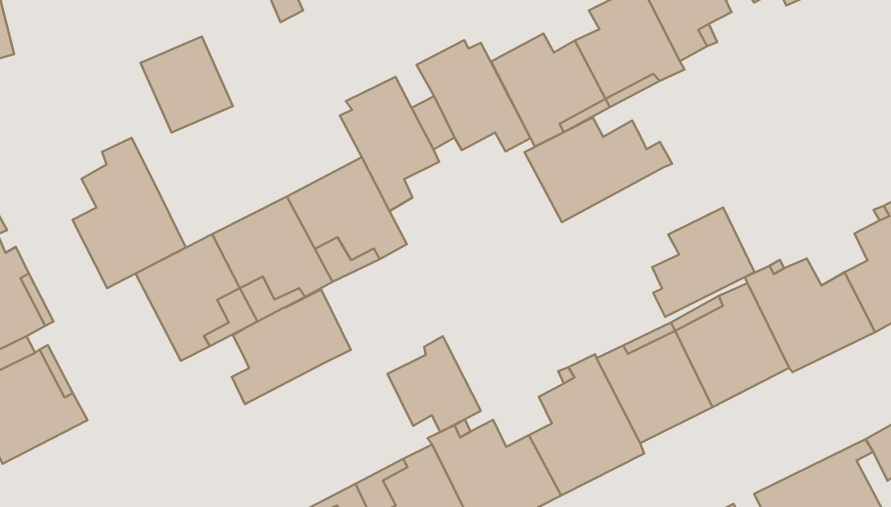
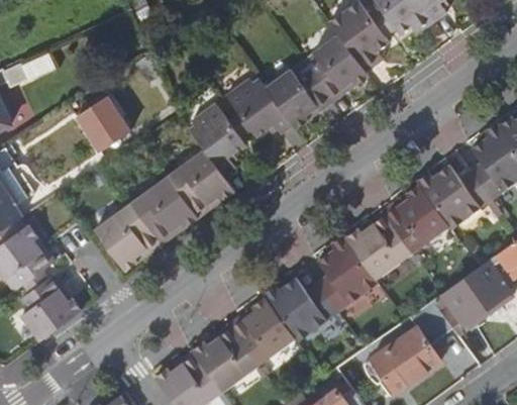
building: [525,117,672,222] -> none
building: [72,138,186,288] -> none
building: [652,208,754,317] -> none
building: [232,290,351,404] -> none
building: [388,336,481,432] -> none

